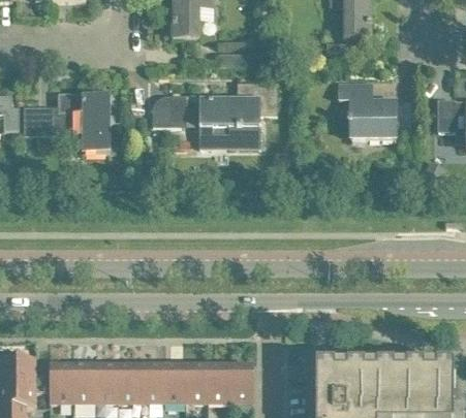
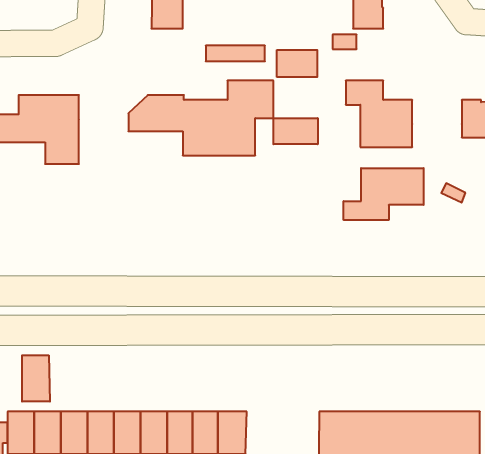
building: none -> [277,50,317,77]
building: none -> [273,118,318,144]
building: none -> [344,168,424,220]
building: none -> [22,355,50,402]

